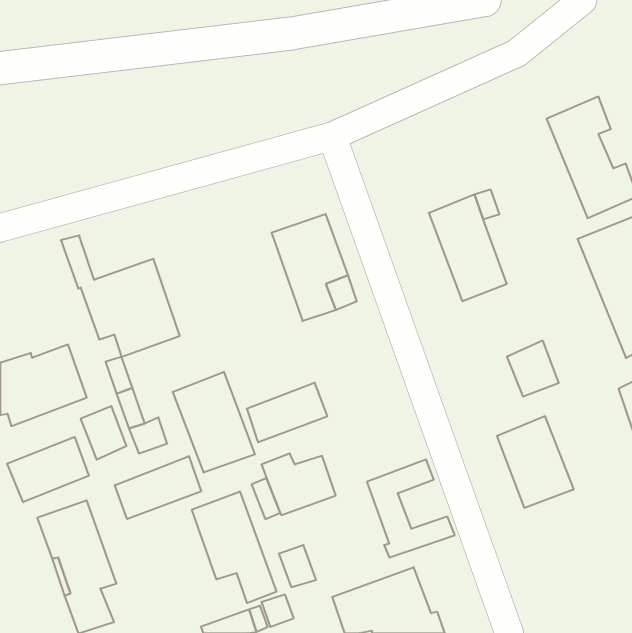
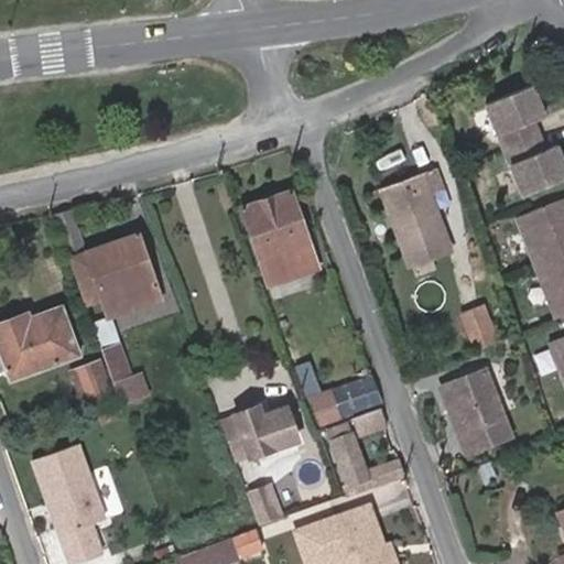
building: [173,372,255,473] -> none
building: [247,383,327,442] -> [312,373,383,426]
building: [7,437,89,502] -> none
building: [115,456,201,519] -> none
building: [192,492,276,603] -> none

